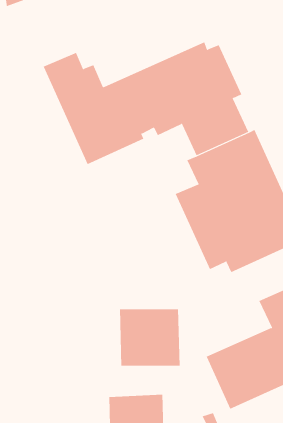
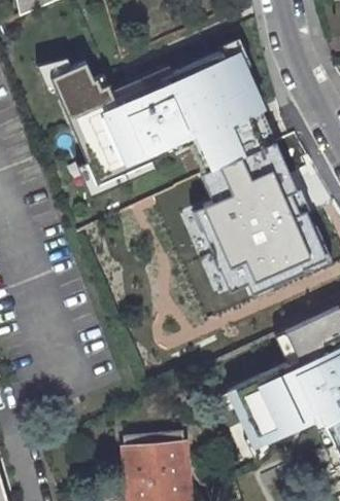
building: [119,309,180,367] -> none

